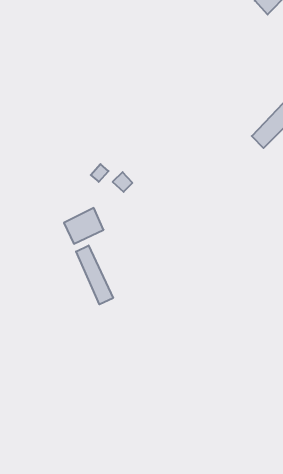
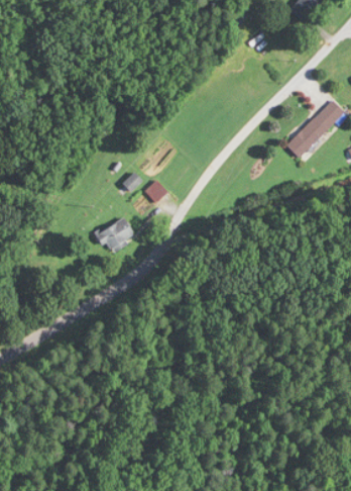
building: [76,245,113,304] -> none

